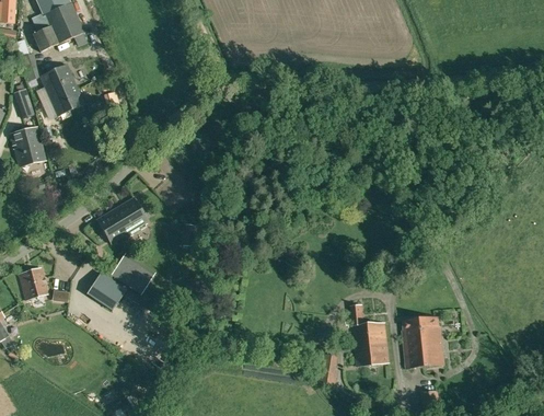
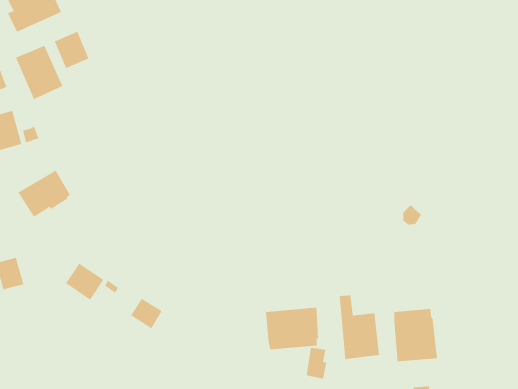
building: none -> [54,31,89,69]
building: [95,197,147,243] -> [17,170,71,218]
building: [112,256,149,291] -> [124,294,162,331]
building: none -> [265,307,318,350]

